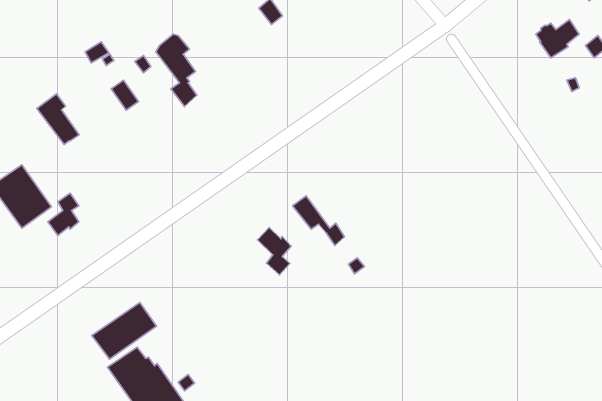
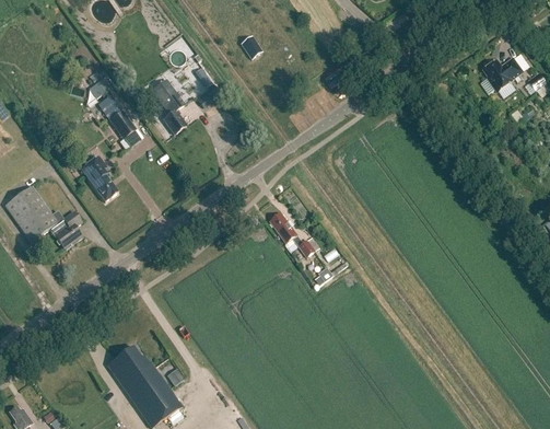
building: [37,94,79,145] -> [81,155,118,200]
building: [257,228,291,275] -> none
building: [92,303,156,359] -> none

